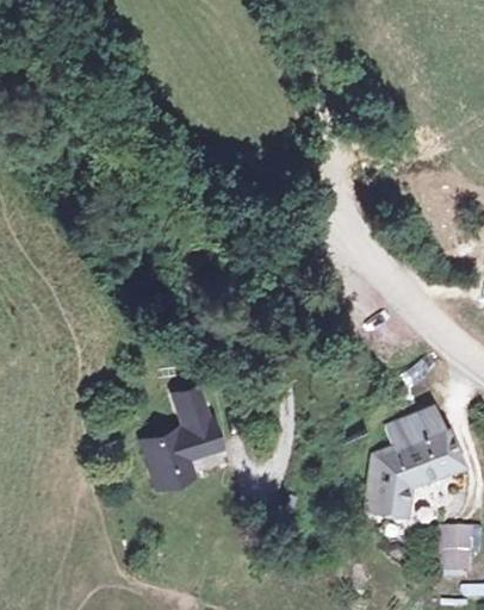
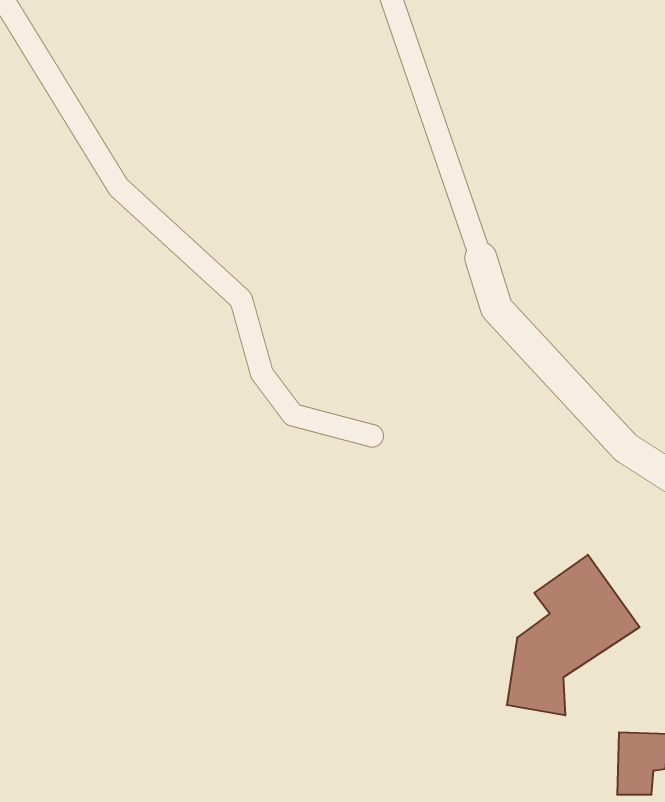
building: [139,387,217,487] -> none

